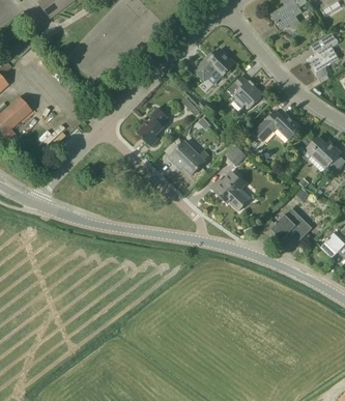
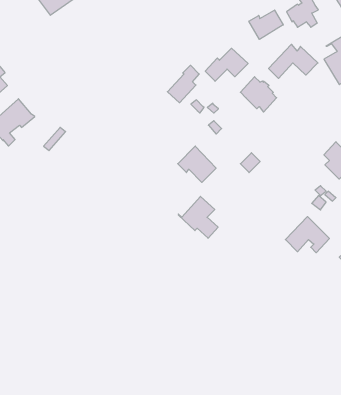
building: none -> [249,10,283,39]
building: [137,108,167,143] -> [167,65,199,103]
building: [254,110,300,142] -> [269,44,318,78]
building: [211,171,249,210] -> [178,196,218,238]

